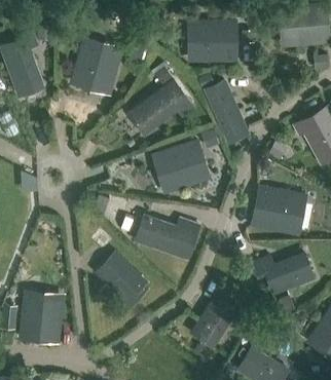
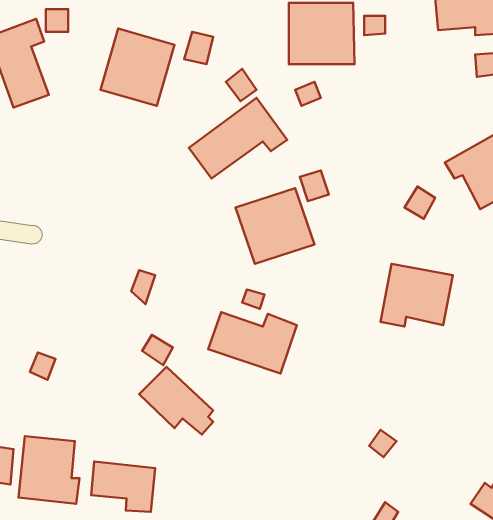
building: [205,82,250,142] -> none
building: [255,255,311,292] -> none
building: [193,297,243,345] -> none
building: none -> [91,462,155,512]

